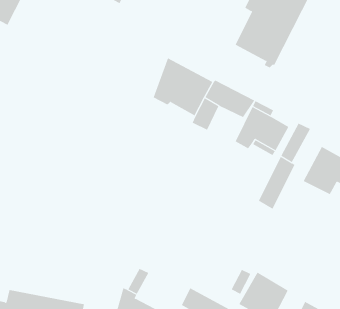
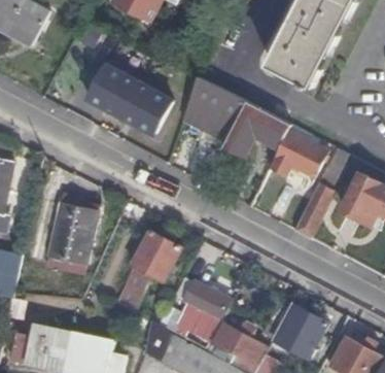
building: none -> [86,65,170,135]
building: none -> [48,202,98,262]
building: none -> [115,231,179,312]
building: none -> [182,280,227,339]

